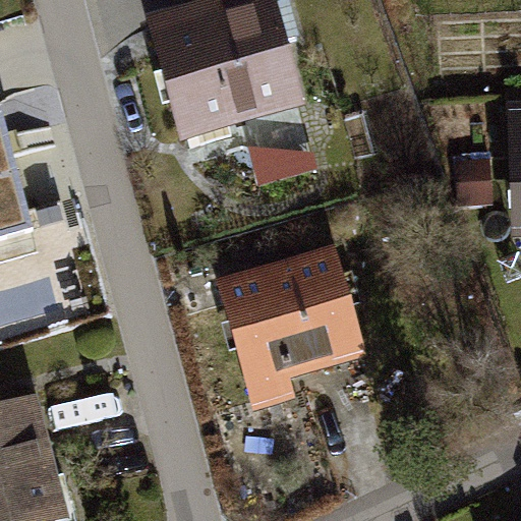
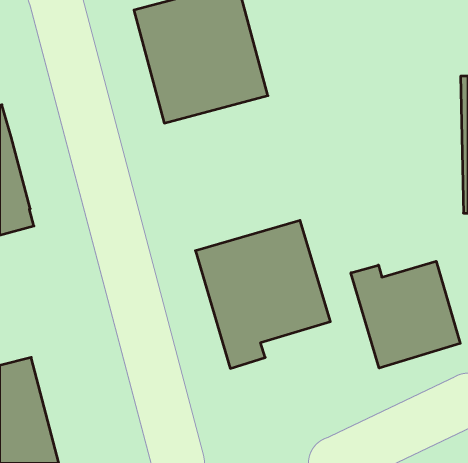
building: none -> [351,261,460,368]

